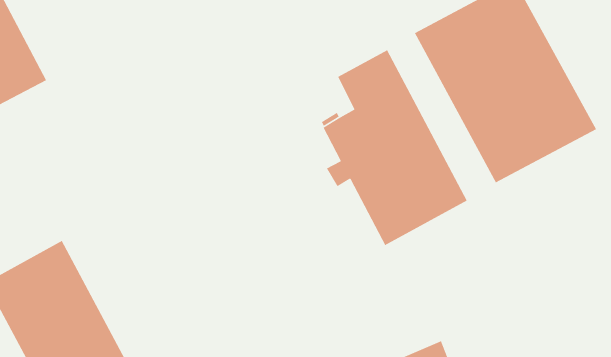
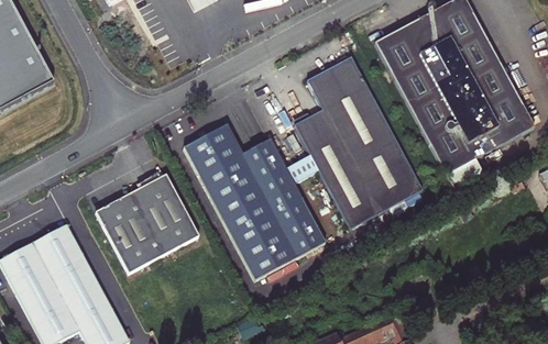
building: none -> [183,123,325,280]
building: none -> [95,174,199,273]

